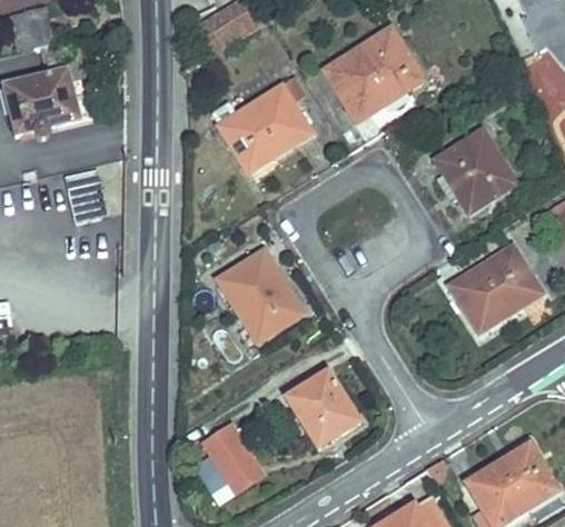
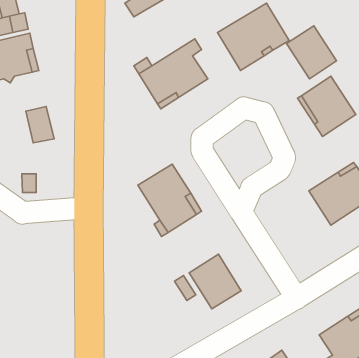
building: none -> [286,26,336,79]
building: [204,425,262,491] -> none

